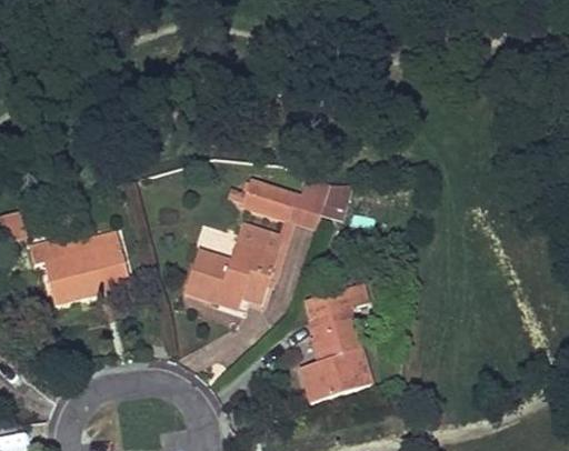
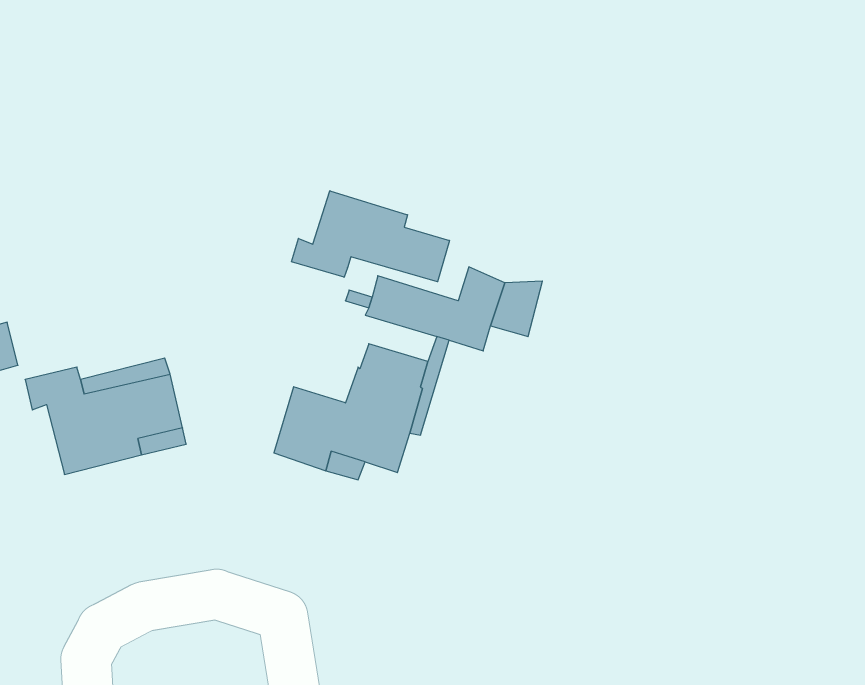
building: none -> [292,191,449,282]
building: [300,283,371,402] -> none

